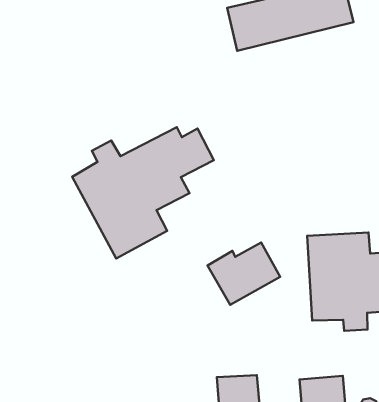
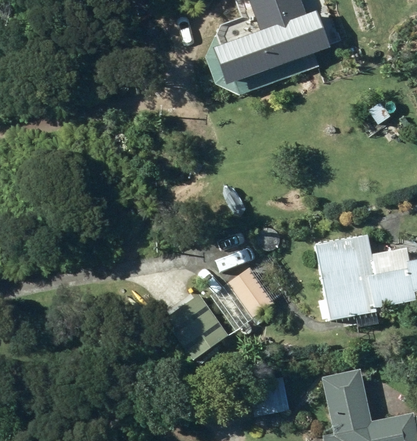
building: [72,127,214,258] -> none
building: none -> [164,295,227,360]

